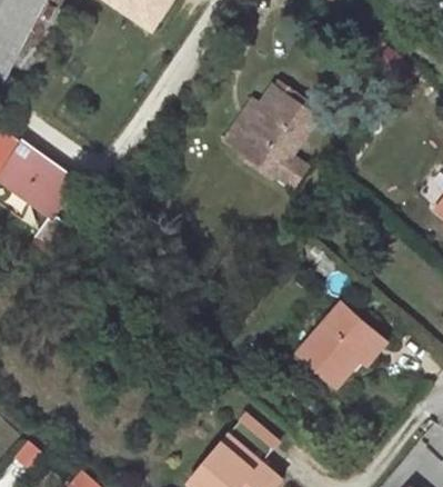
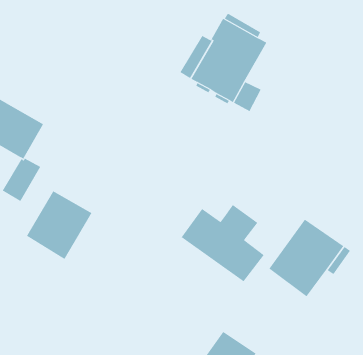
building: none -> [26,190,92,260]
building: none -> [181,204,264,282]

